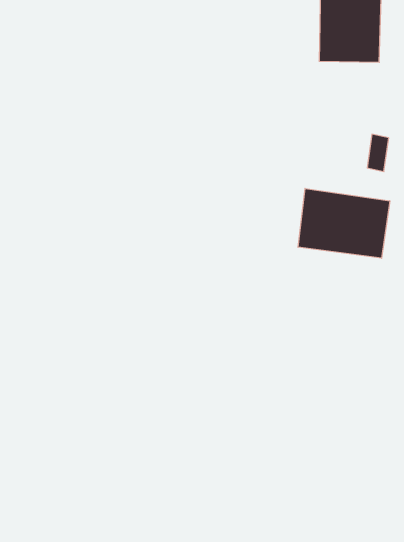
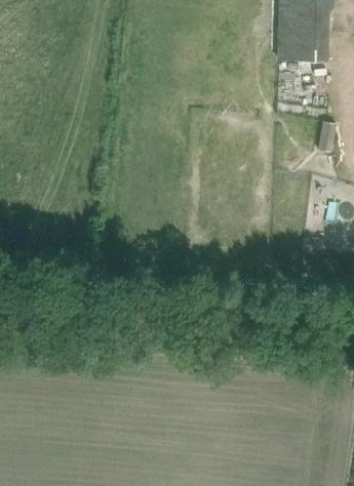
building: [298,188,390,258] -> none

